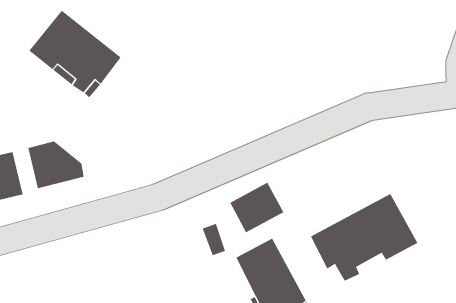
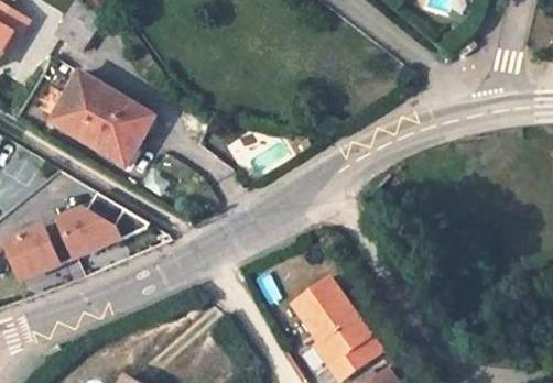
building: [229,182,284,233] -> none
building: [310,193,418,281] -> none

